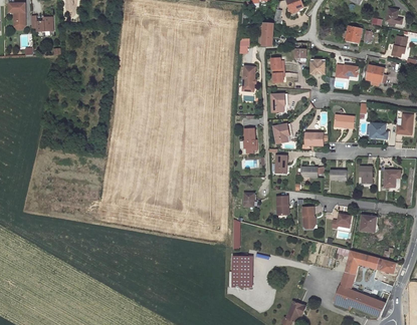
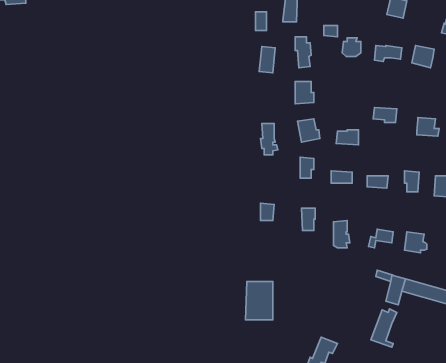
building: [345,289,386,316] -> none

